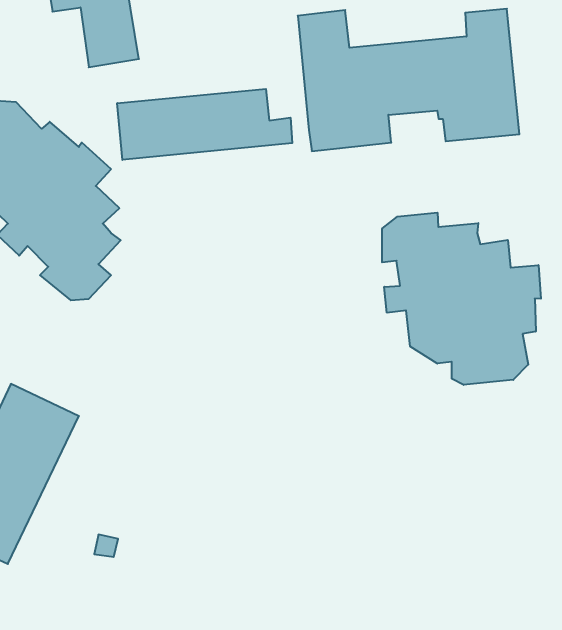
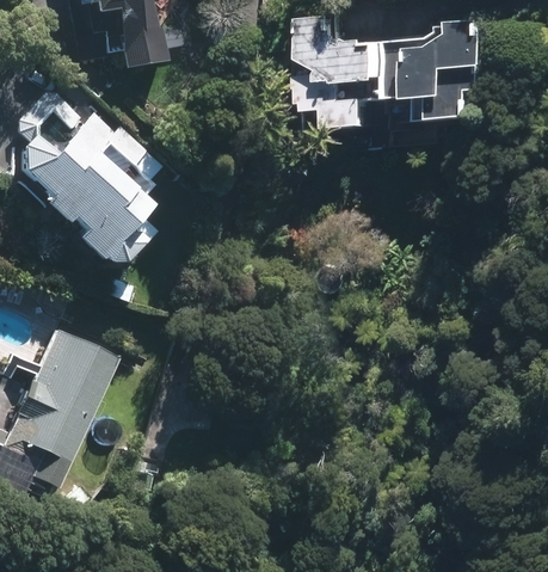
building: [117,89,292,160] -> none
building: [382,213,541,385] -> none

